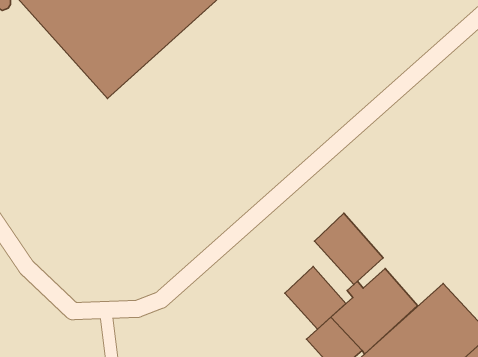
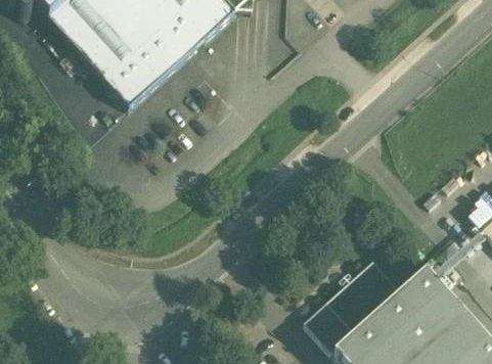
building: [314,213,383,284] -> none
building: [285,266,346,329] -> none

